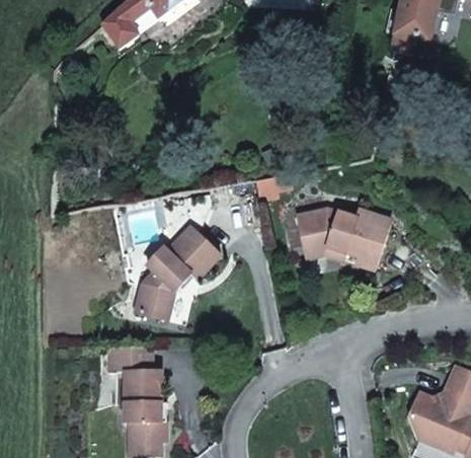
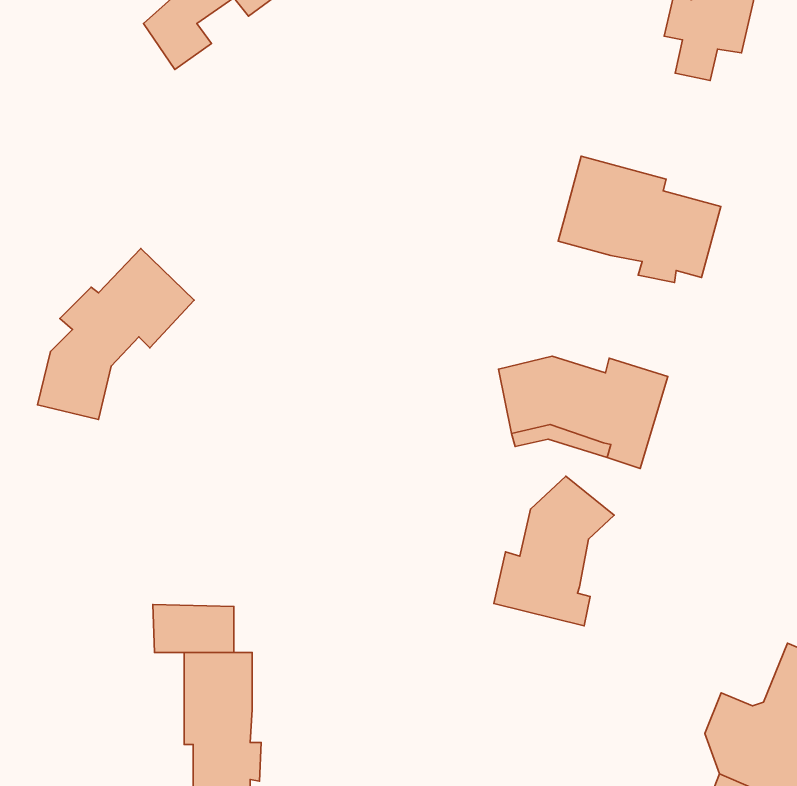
building: none -> [558,156,721,283]
building: [134,224,220,318] -> [38,249,194,420]
building: none -> [494,476,614,626]

